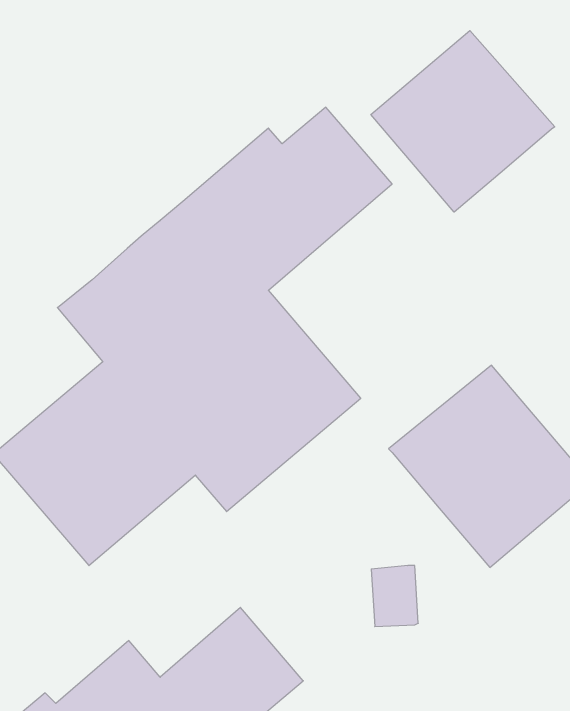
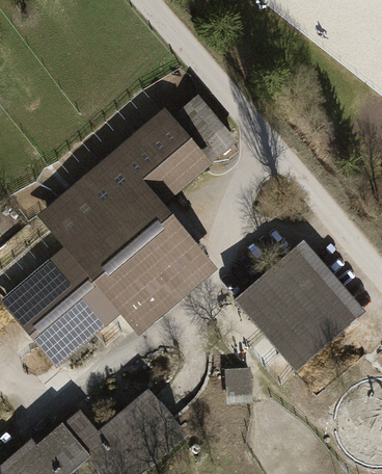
building: [371,31,555,212] -> none

